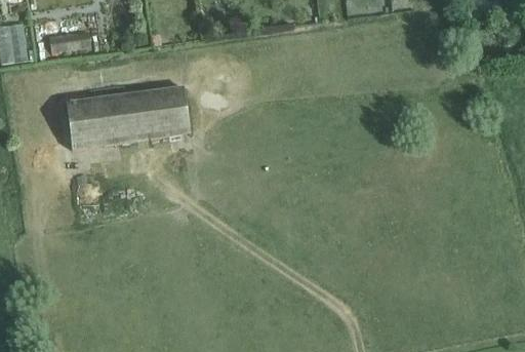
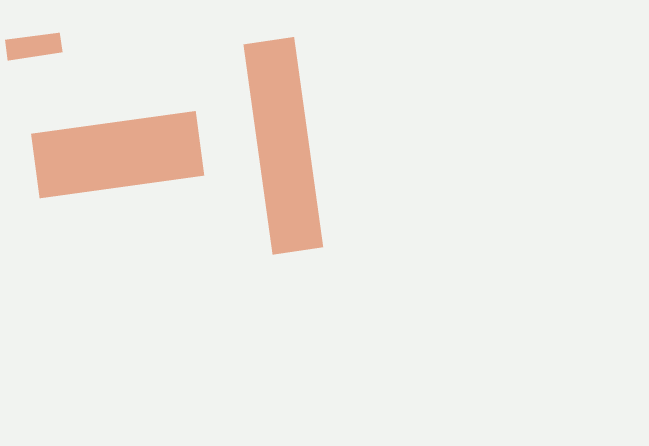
building: none -> [243,36,324,256]

